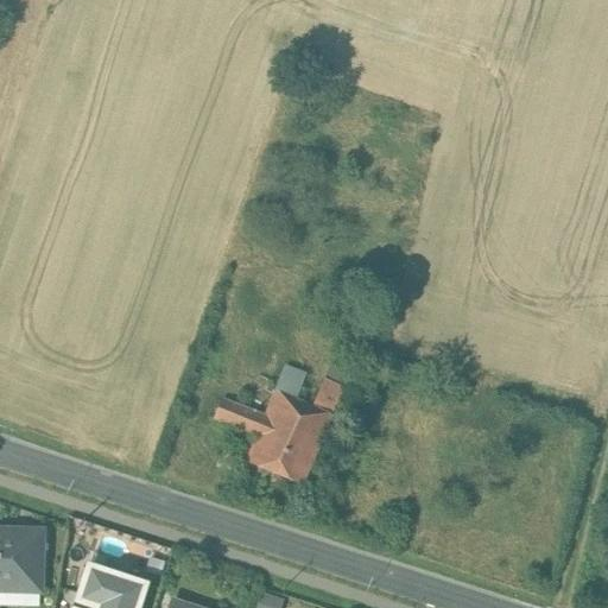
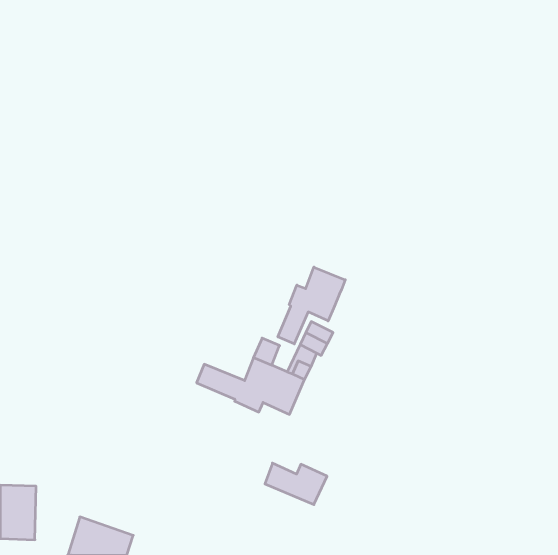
building: none -> [278,267,345,344]
building: [247,437,315,482] -> [265,463,327,505]

